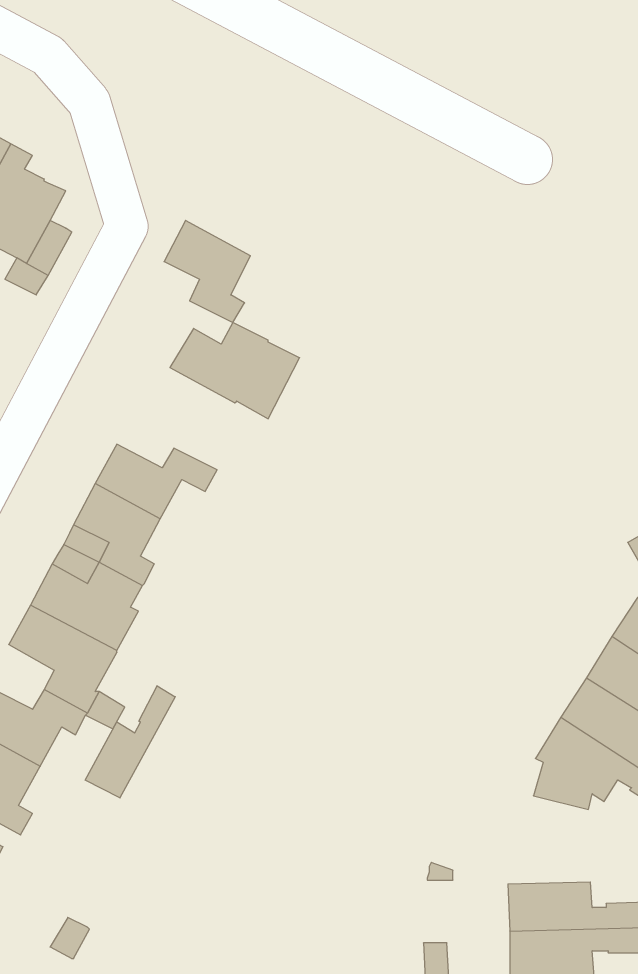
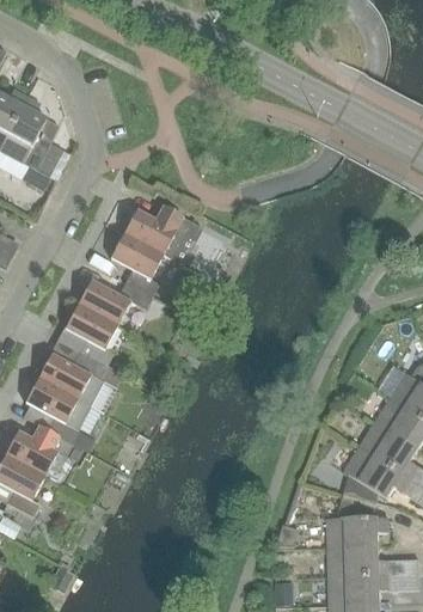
building: [164,220,250,322] -> [110,233,163,295]
building: [85,686,175,798] -> none
building: none -> [329,494,388,547]

